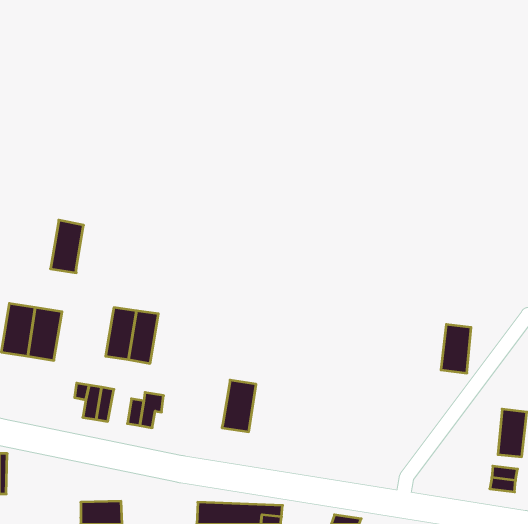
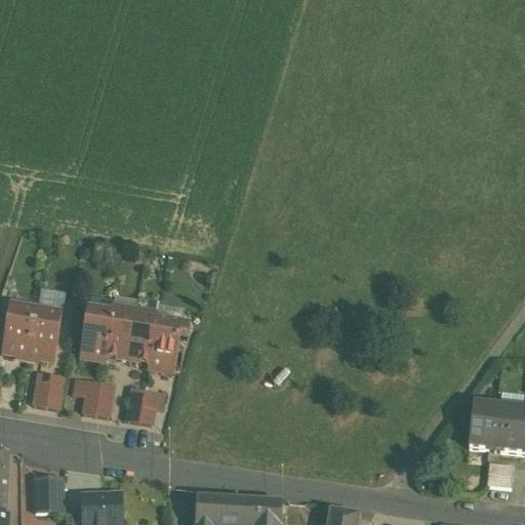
building: [50,220,84,273] -> [79,305,112,357]
building: [441,324,471,373] -> [468,402,497,450]
building: none -> [34,373,64,408]
building: [222,380,256,432] -> [148,317,181,368]
building: none -> [34,477,63,512]

